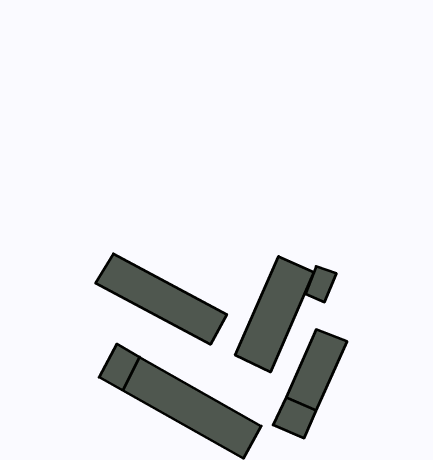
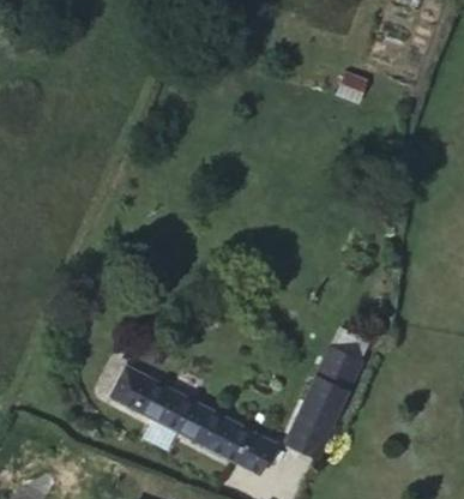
building: [96,254,227,344] -> none
building: [235,256,314,372] -> none

